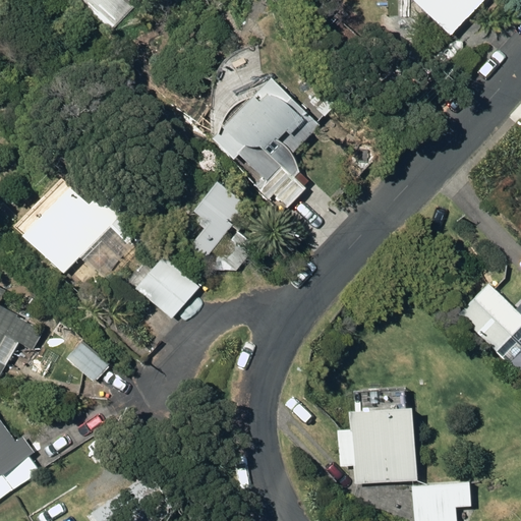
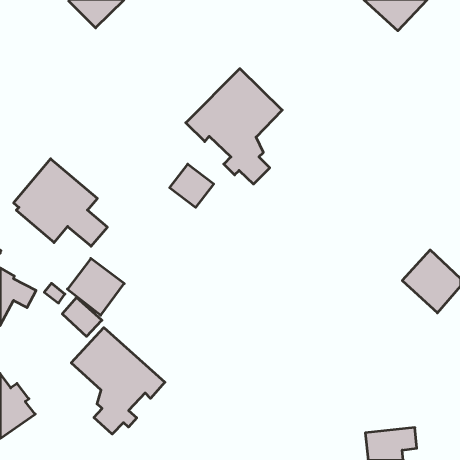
building: [134,254,198,319] -> [67,258,124,315]
building: none -> [71,328,165,434]
building: [340,410,411,483] -> none

